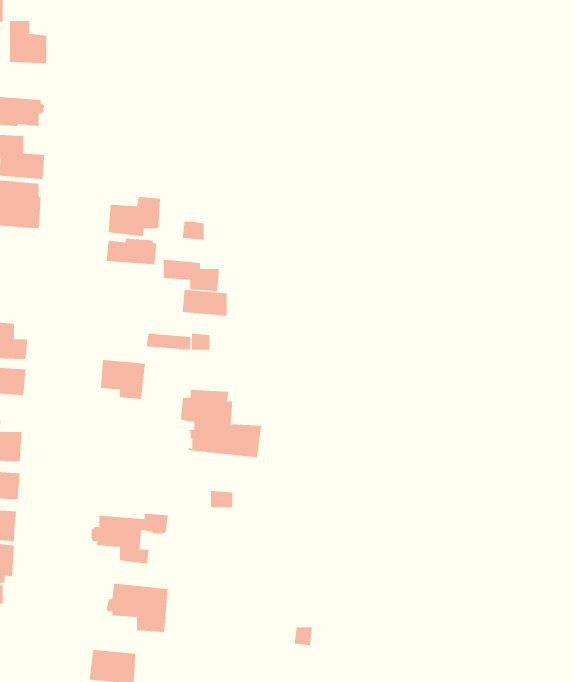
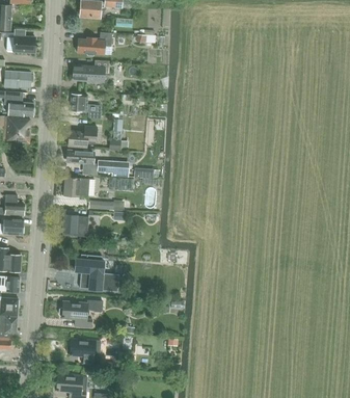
building: none -> [76,32,112,55]
building: none -> [72,60,109,82]
building: none -> [71,94,101,120]
building: none -> [63,178,95,196]
building: [180,390,262,458] -> [75,255,119,292]

